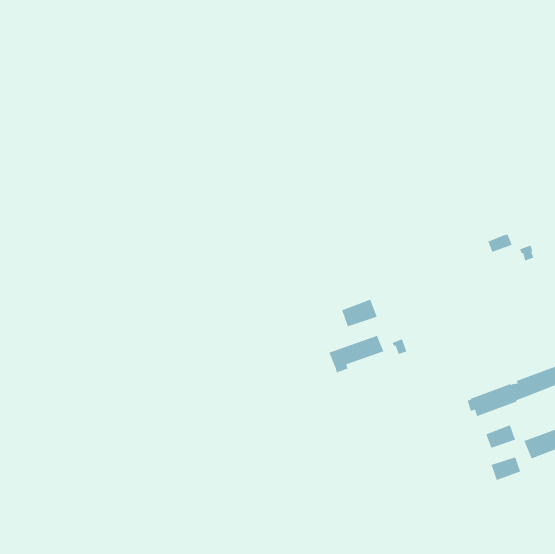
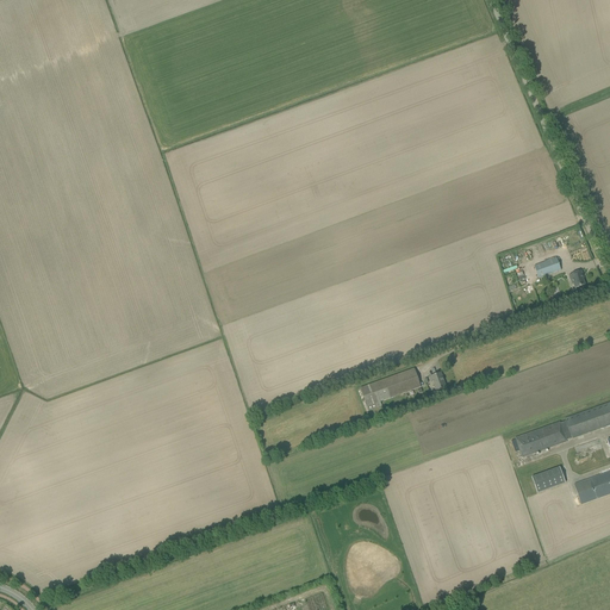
building: [341,299,377,327] -> none
building: [491,456,521,481] -> none

